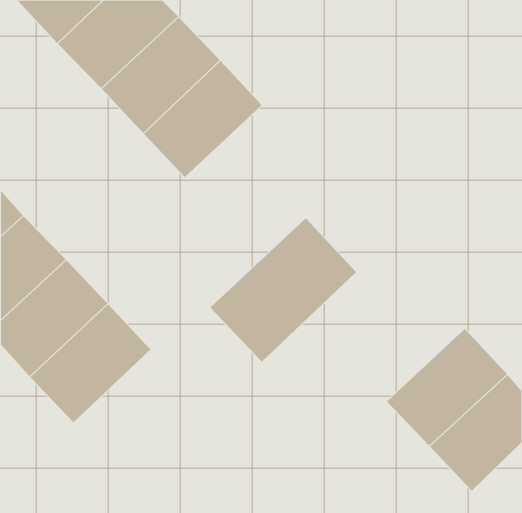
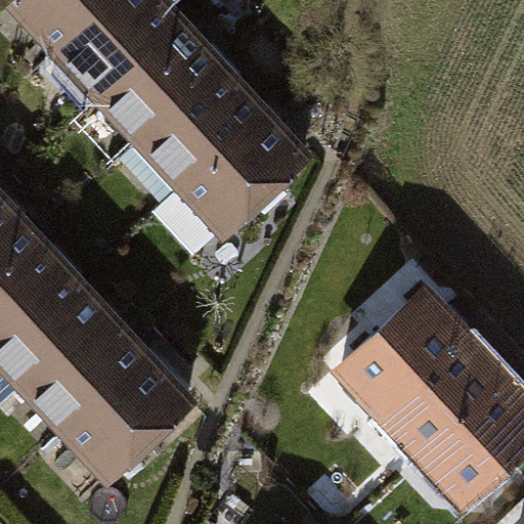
building: none -> [185,115,306,233]
building: [210,217,357,362] -> none
building: none -> [345,294,466,411]
building: none -> [74,359,193,477]

